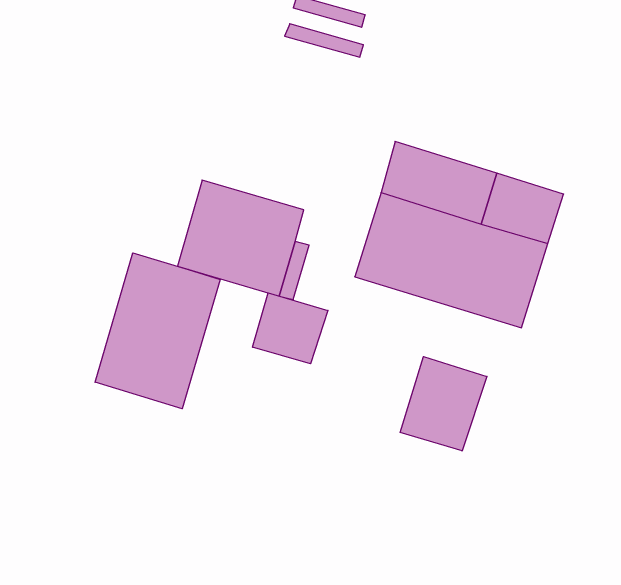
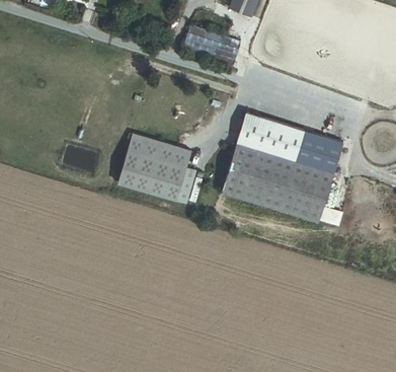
building: [95,253,220,409] -> none
building: [253,293,328,364] -> none
building: [400,357,487,451] -> none

